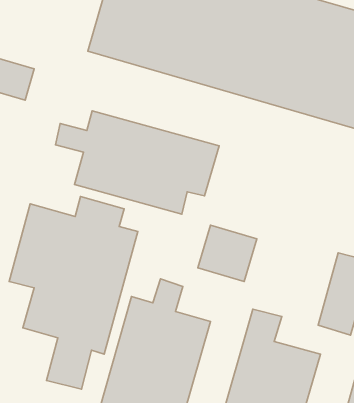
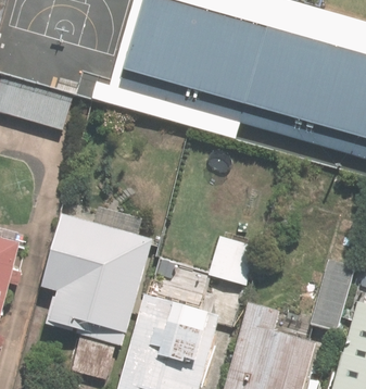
building: [55,111,219,214] -> none

